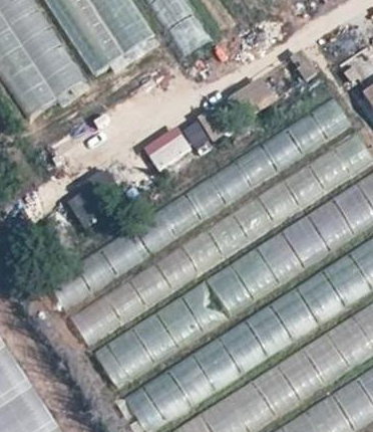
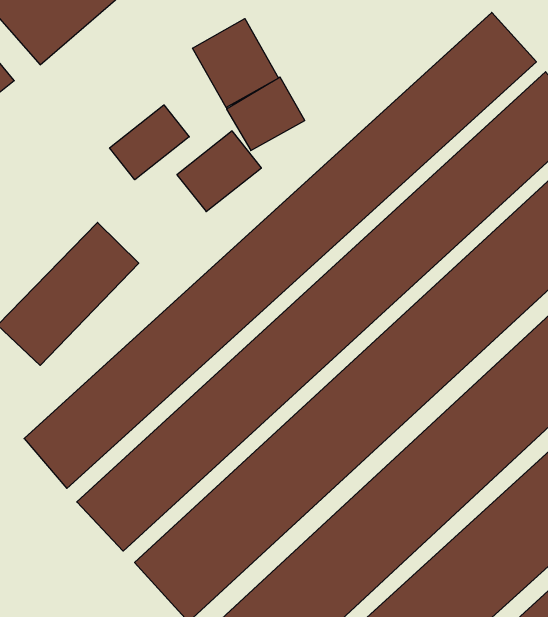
building: none -> [193,19,278,108]
building: none -> [110,105,189,180]

